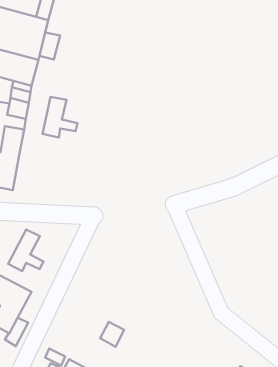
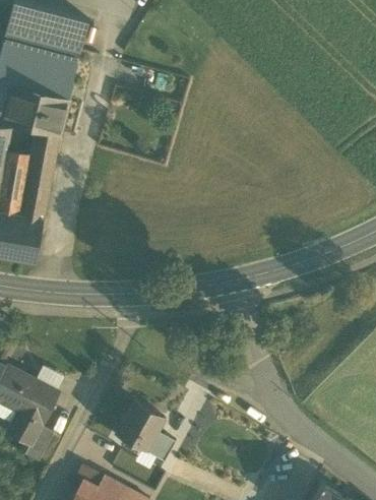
building: [40,33,60,60] -> none
building: [42,97,77,137] -> none
building: [8,230,43,271] -> none
building: none -> [116,401,165,451]

